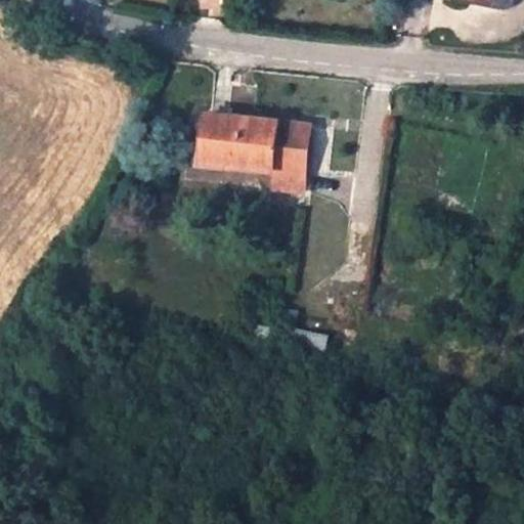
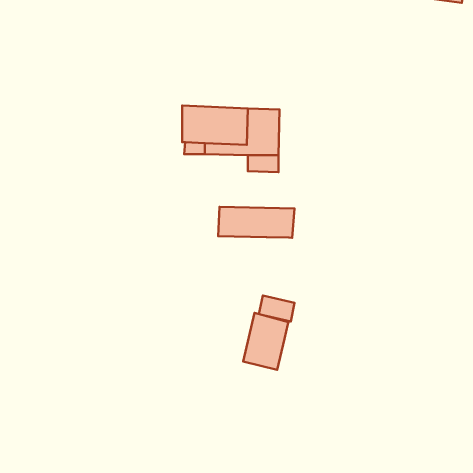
building: none -> [218,207,294,238]
building: none -> [243,313,288,370]

